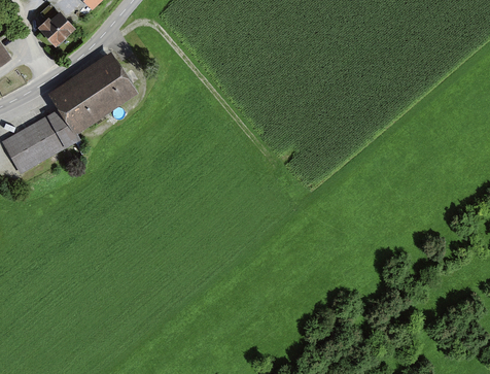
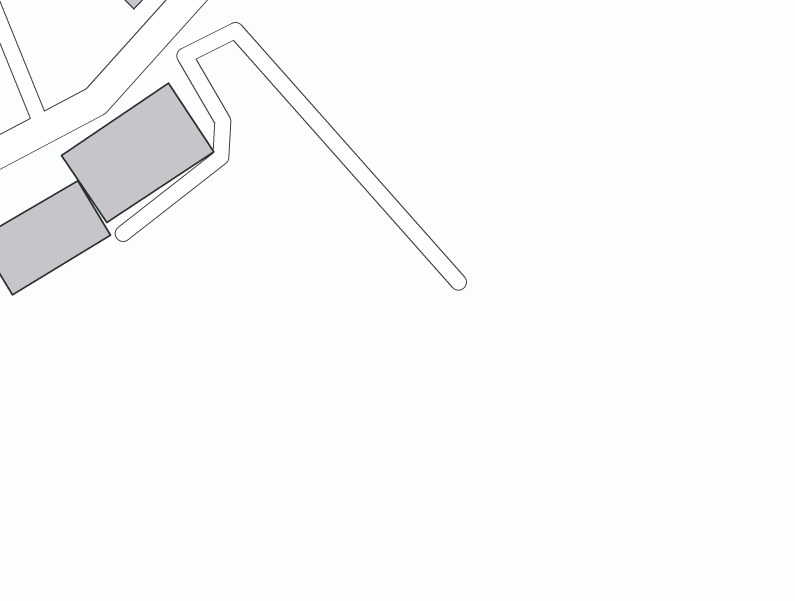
building: [38,10,75,46] -> none

